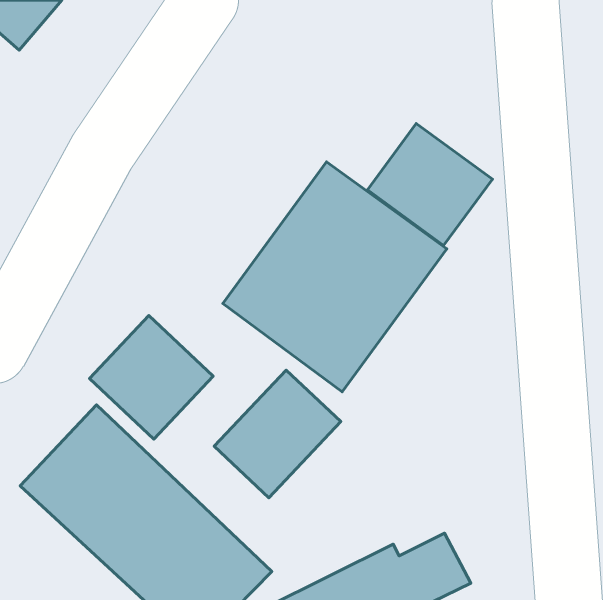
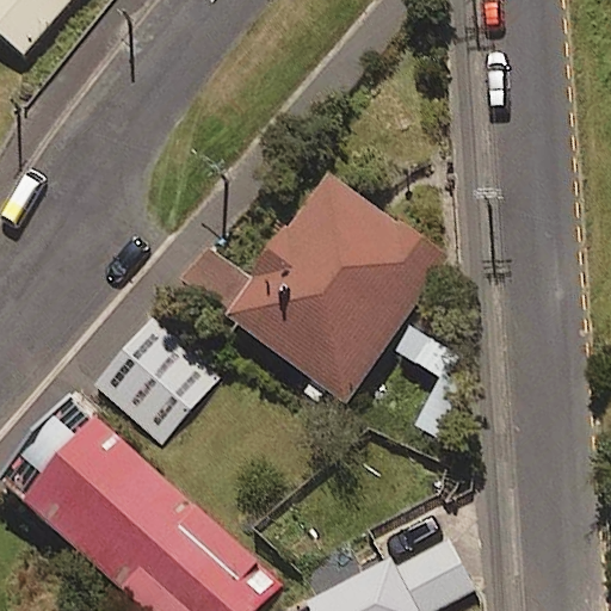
building: [367,123,492,246] -> none
building: [214,370,341,498] -> none

